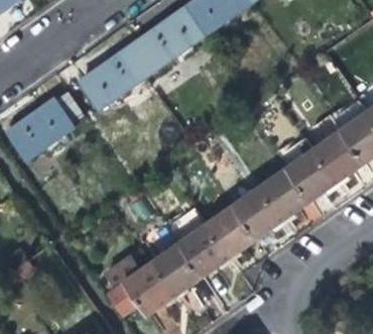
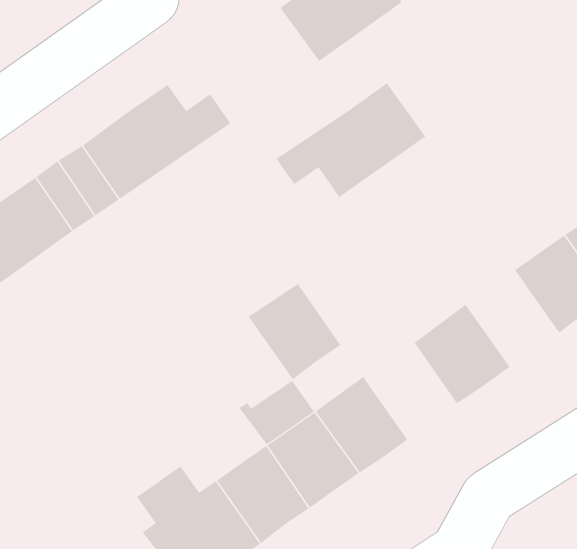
building: [124,6,206,69] -> [275,83,426,198]
building: [285,148,336,201] -> none
building: [230,188,280,240] -> [248,283,341,380]

